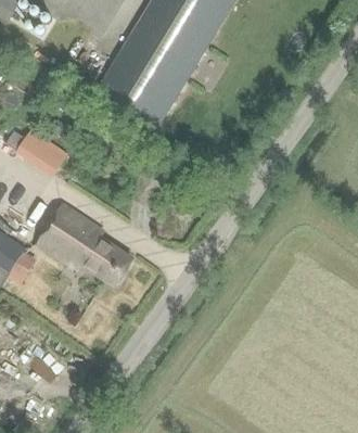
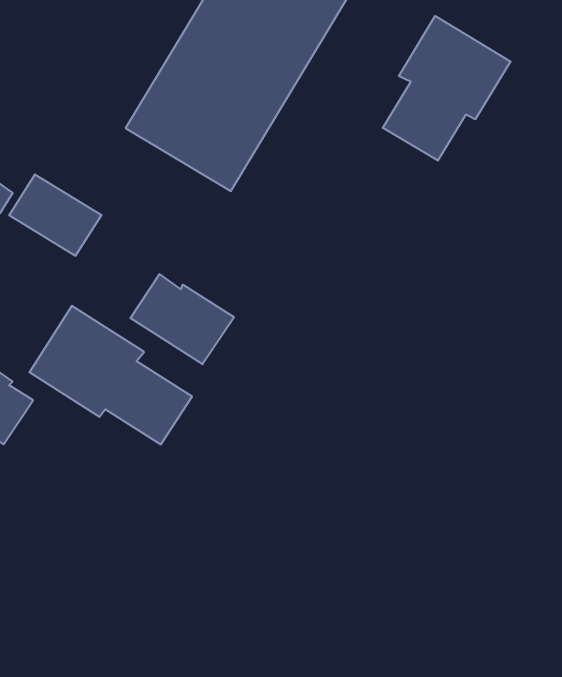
building: none -> [383,16,511,161]
building: none -> [131,274,234,364]

